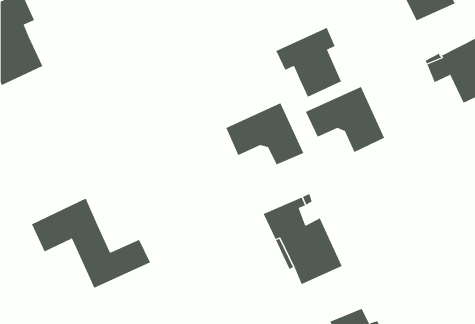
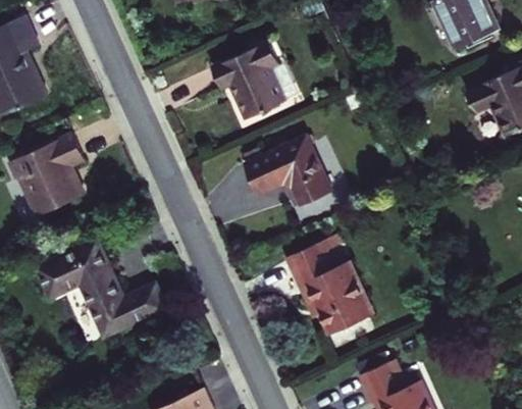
building: [276,27,342,97] -> [213,42,285,118]
building: [305,86,385,153] -> none
building: none -> [10,134,85,215]

